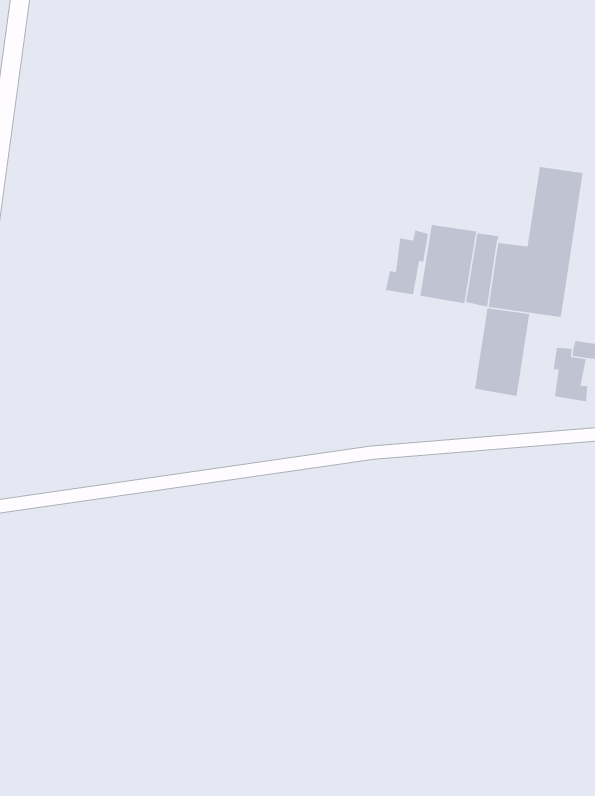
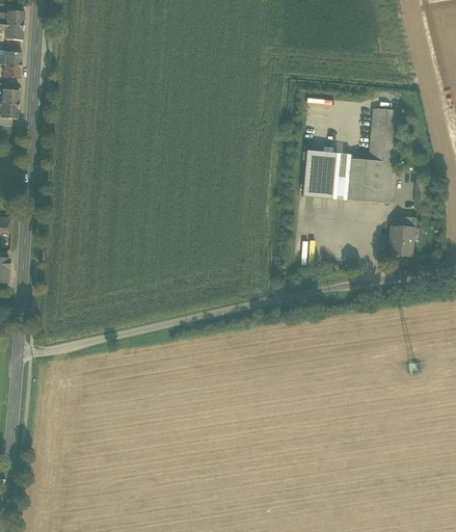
building: [385,230,429,296] -> none
building: [474,308,530,397] -> none

